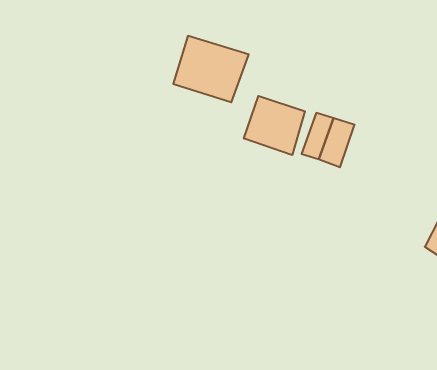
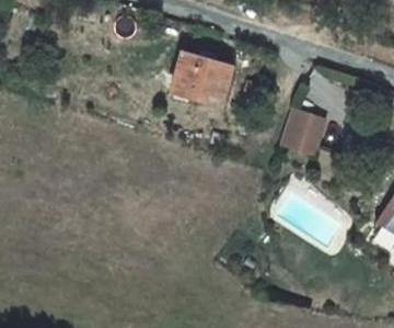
building: [244,96,305,155] -> none

